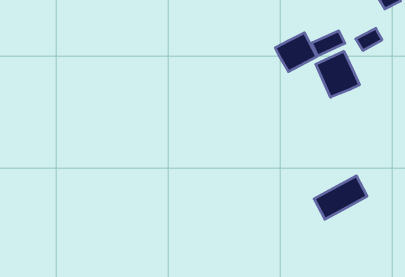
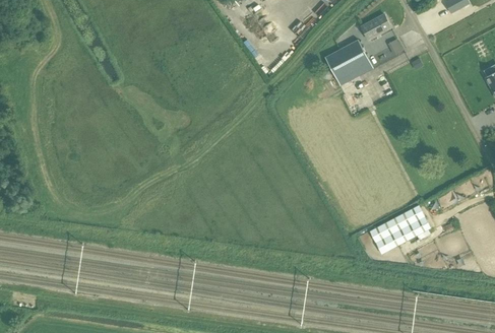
building: [356,28,382,50] -> [361,13,391,39]
building: [316,51,359,97] -> none

